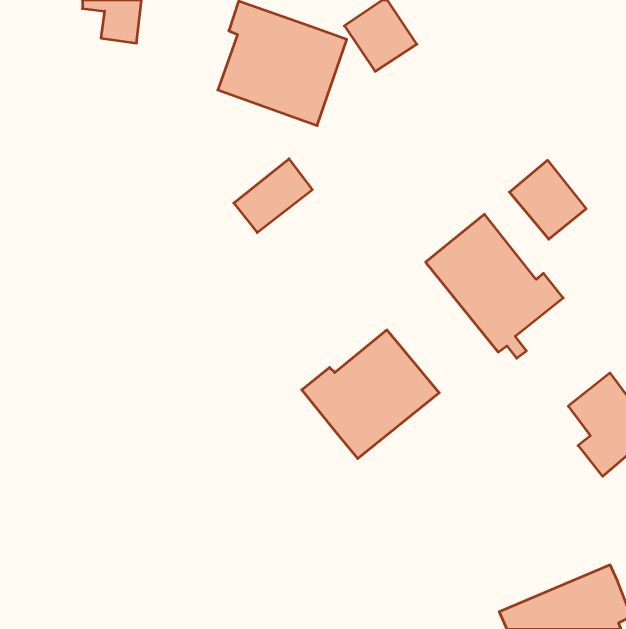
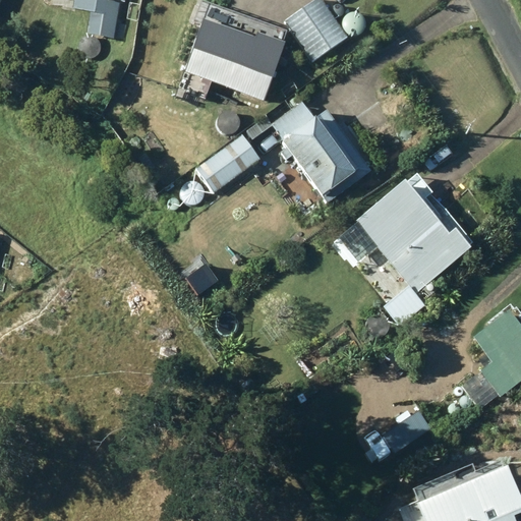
building: none -> [272,101,380,201]
building: [509,160,586,239] -> none
building: [302,330,439,459] -> none

